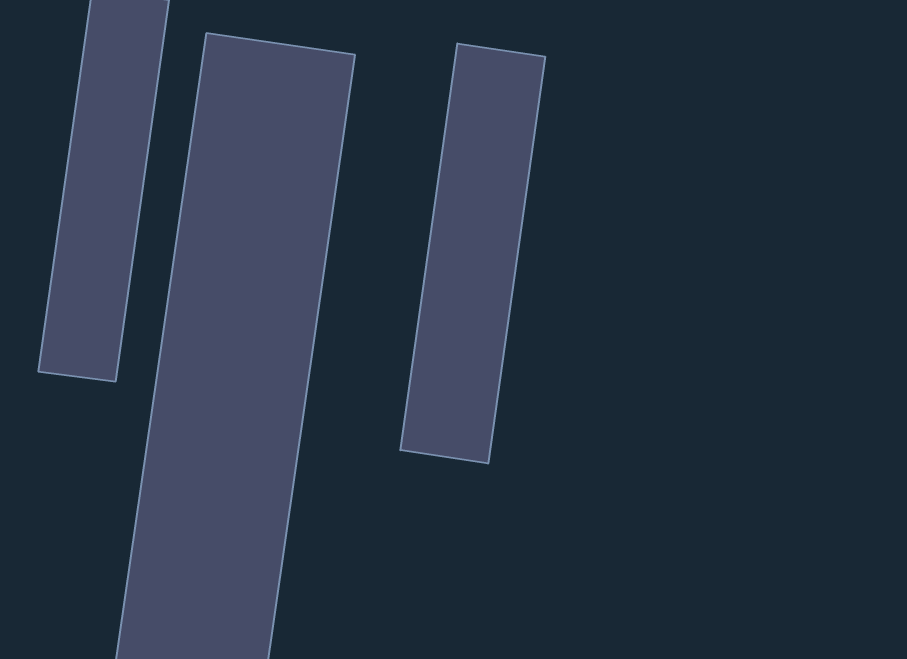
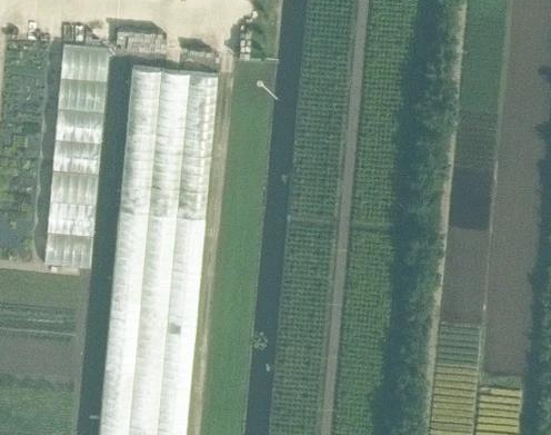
building: [400,43,545,464] -> none

